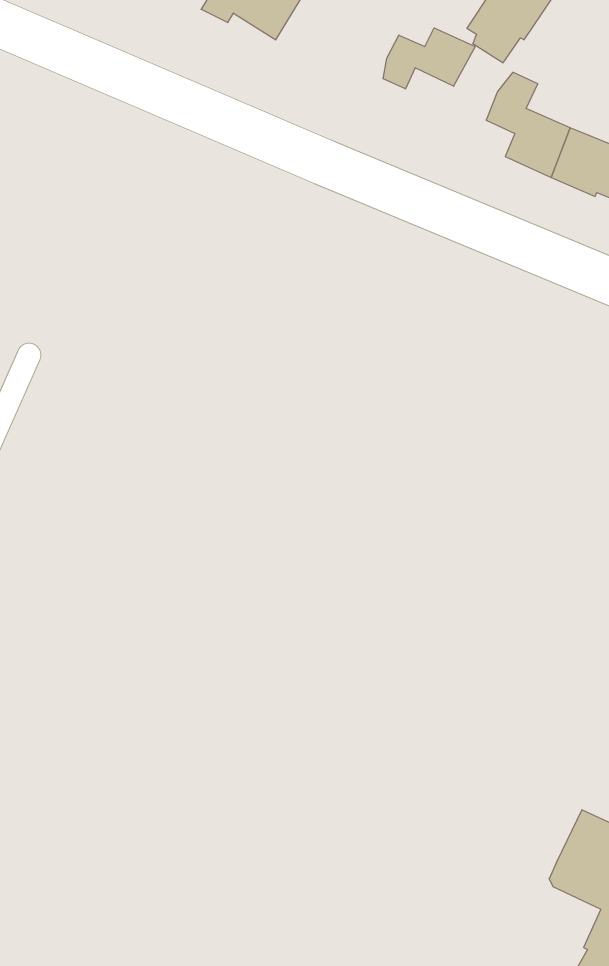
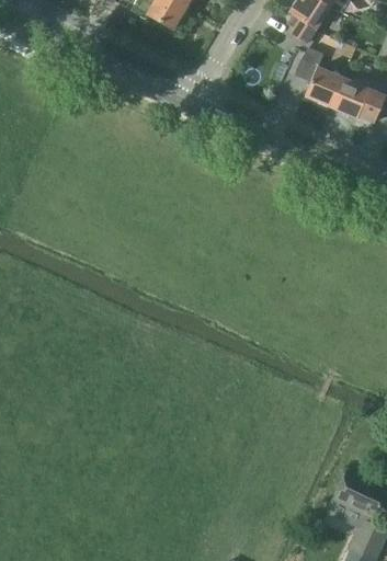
building: [383,28,475,89] -> none

